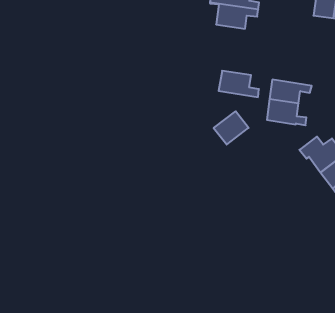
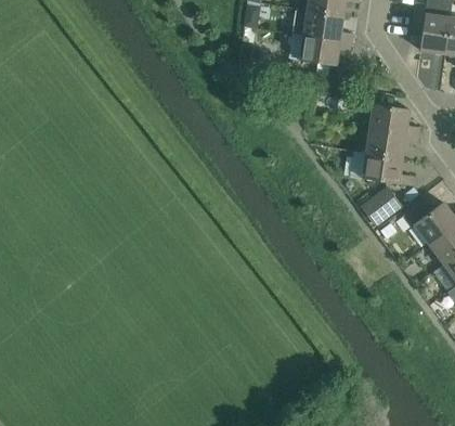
building: [219,71,259,97] -> [368,104,418,137]
building: [214,111,249,145] -> [359,185,402,227]

